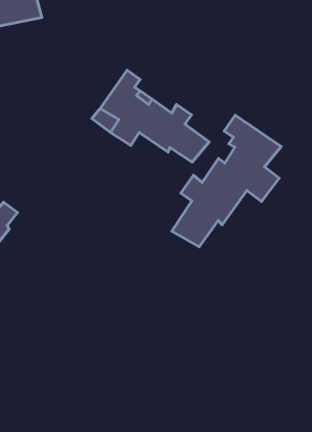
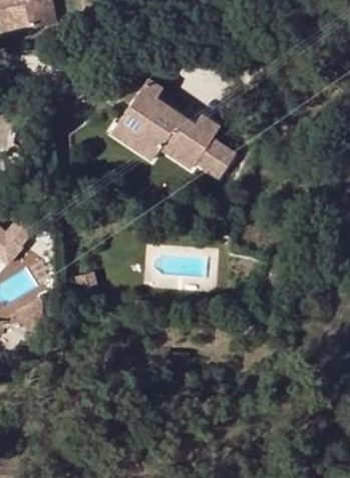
building: [172,115,281,247] -> none

